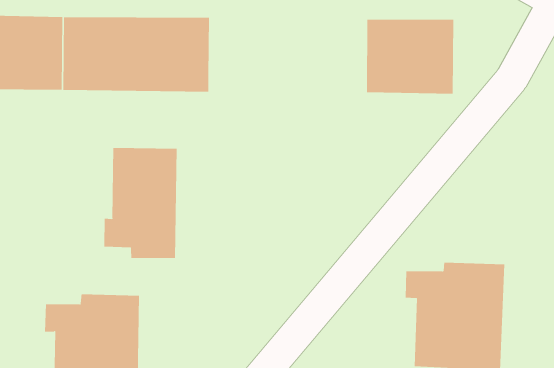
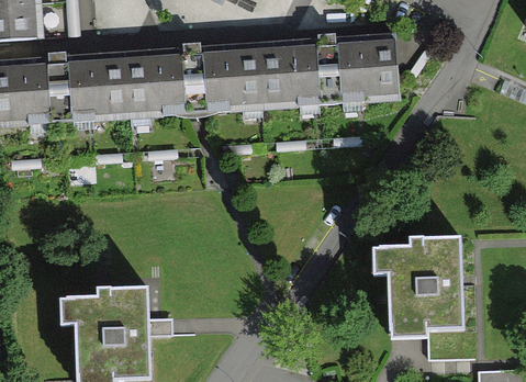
building: none -> [188,40,326,112]
building: [104,147,177,259] -> none

